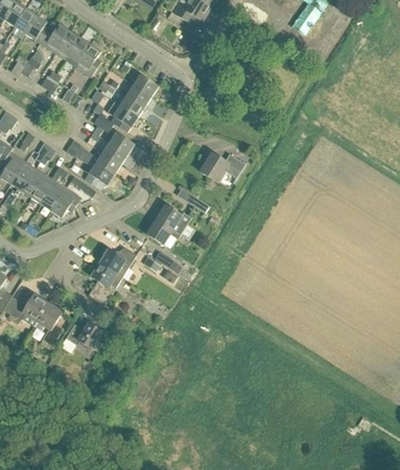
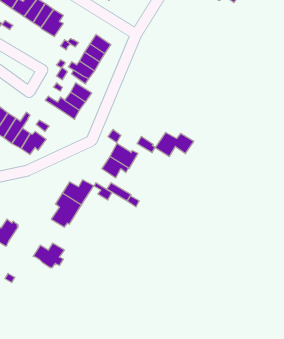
building: [77,151,114,185] -> none
building: [199,153,245,182] -> [155,132,194,157]
building: [34,302,62,345] -> none

